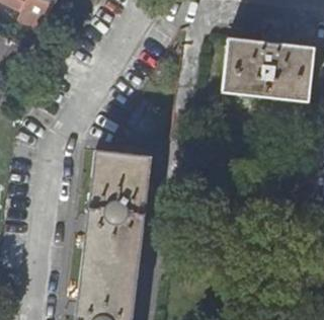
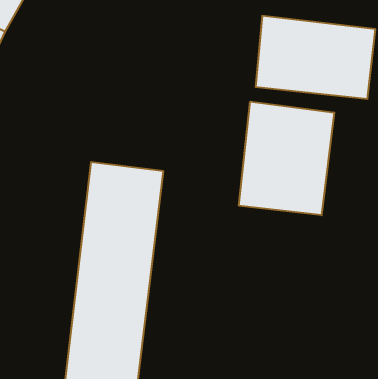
building: none -> [239,102,334,215]

